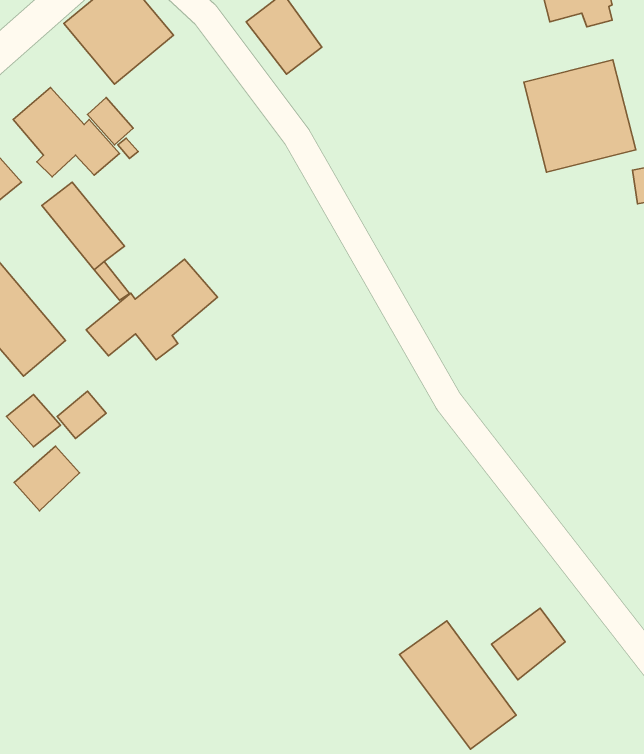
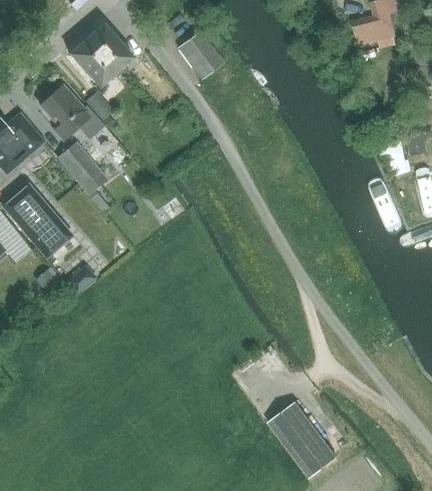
building: [524,60,636,172] -> none
building: [86,259,217,360] -> none
building: [14,446,80,511] -> none
building: [491,608,565,680] -> none

